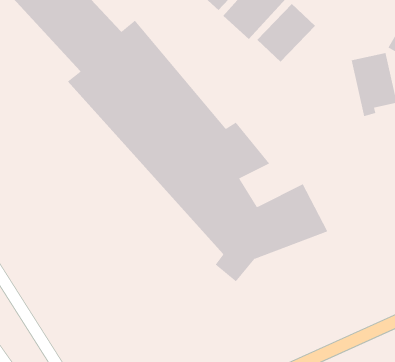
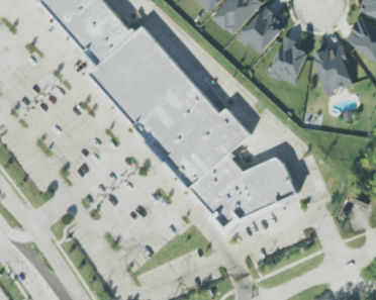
building: none -> [268,36,308,86]

